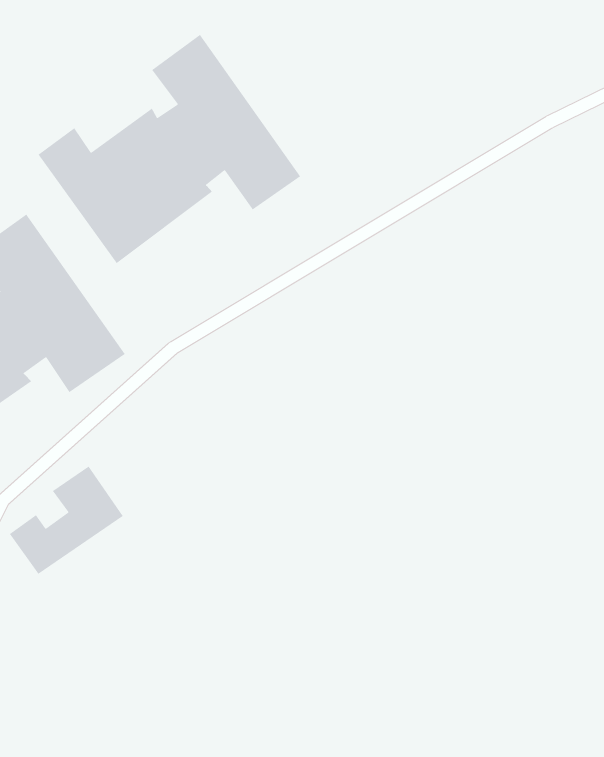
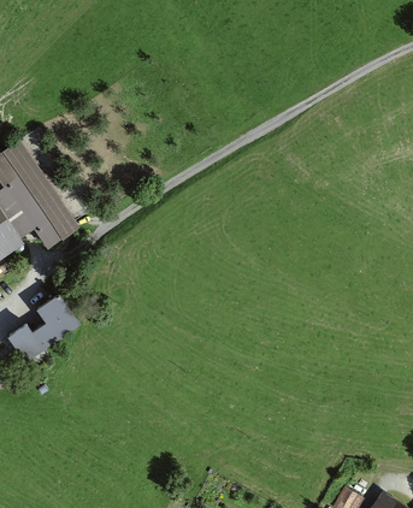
building: [38,34,301,264] -> none

